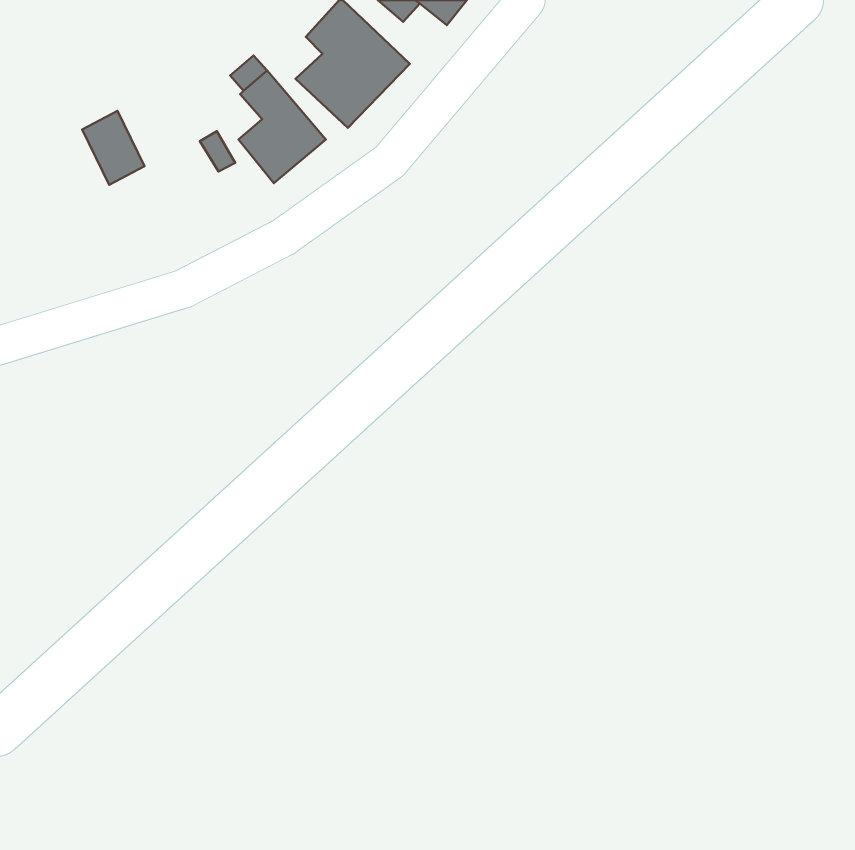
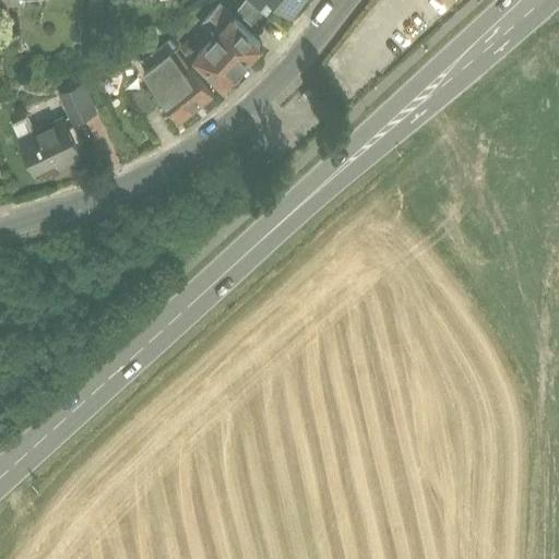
building: none -> [16,115,84,175]

